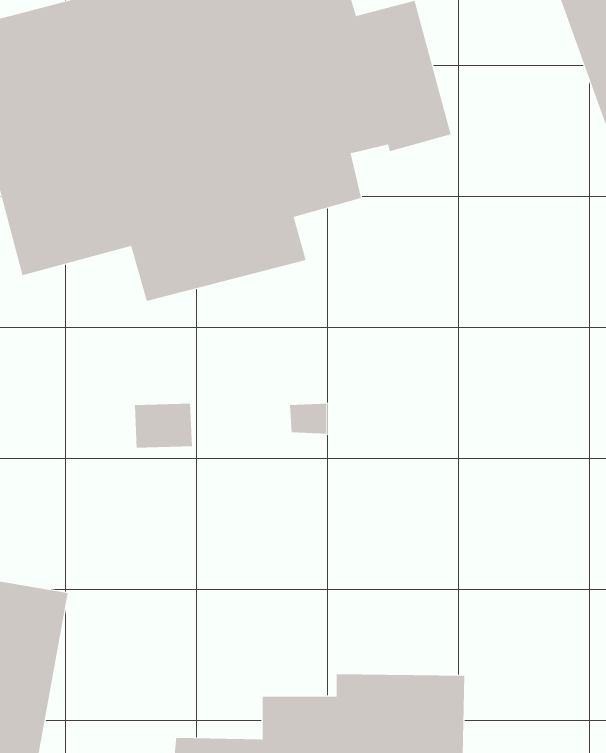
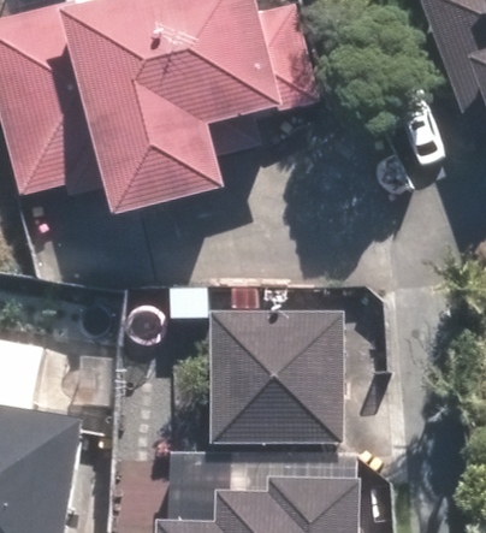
building: none -> [202,309,338,442]

